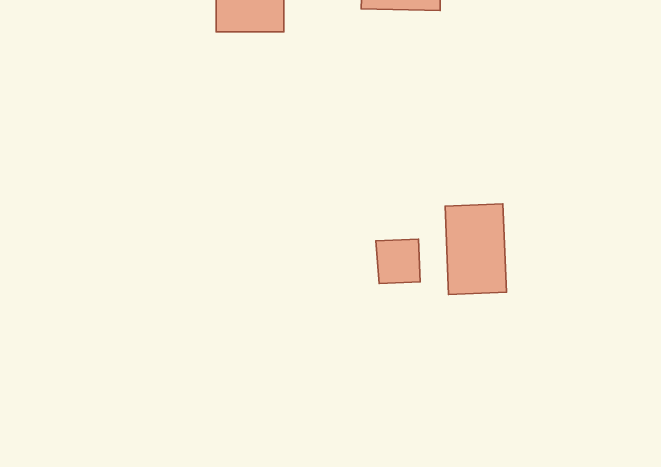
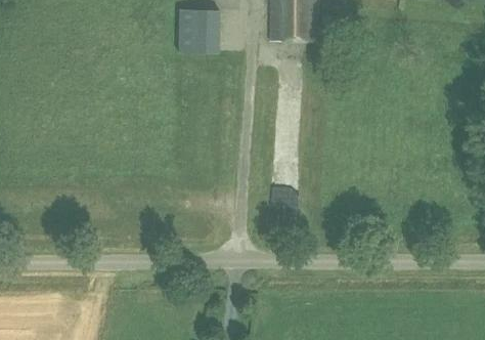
building: [445,204,506,295] -> none

